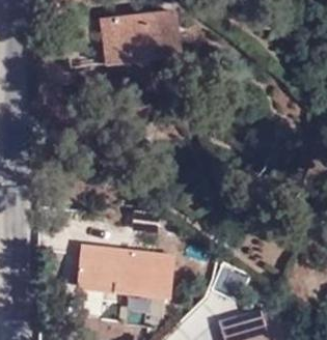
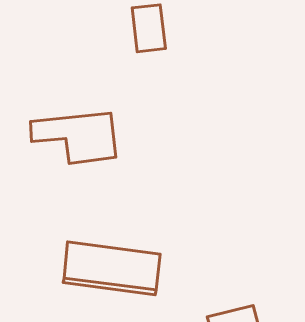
building: [65,15,151,64] -> [30,113,116,163]

